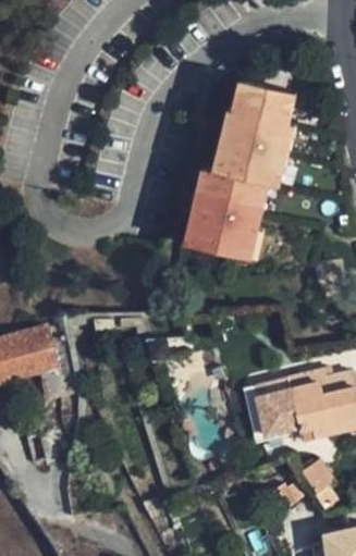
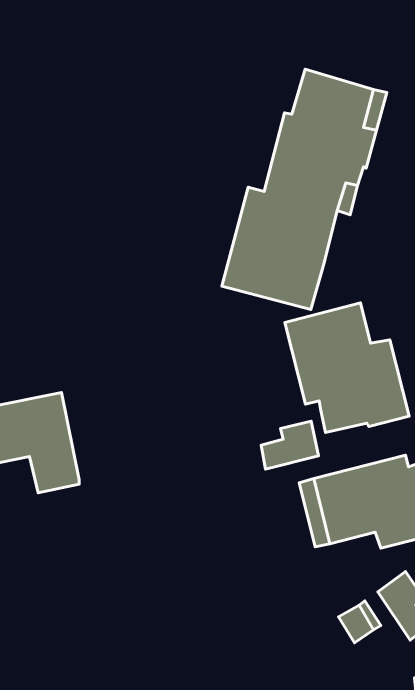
building: none -> [285,303,409,432]
building: none -> [261,421,319,469]

